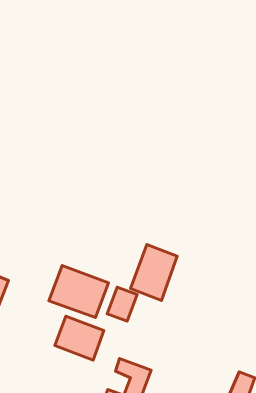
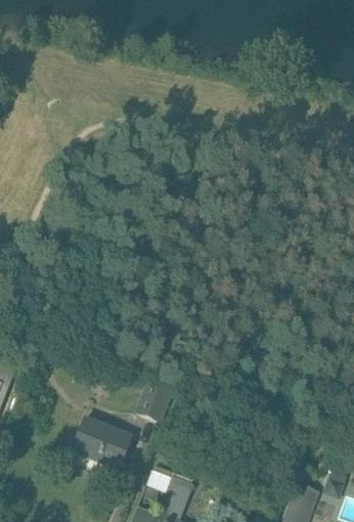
building: [130,245,177,300] -> none
building: [49,266,108,317] -> none

